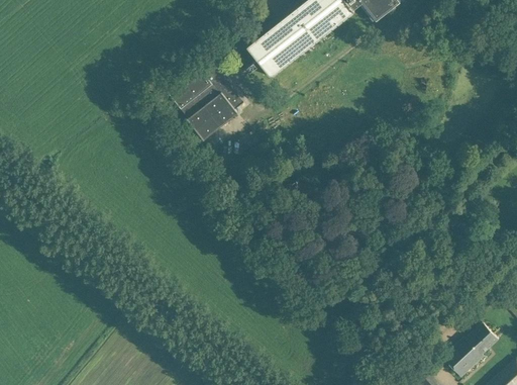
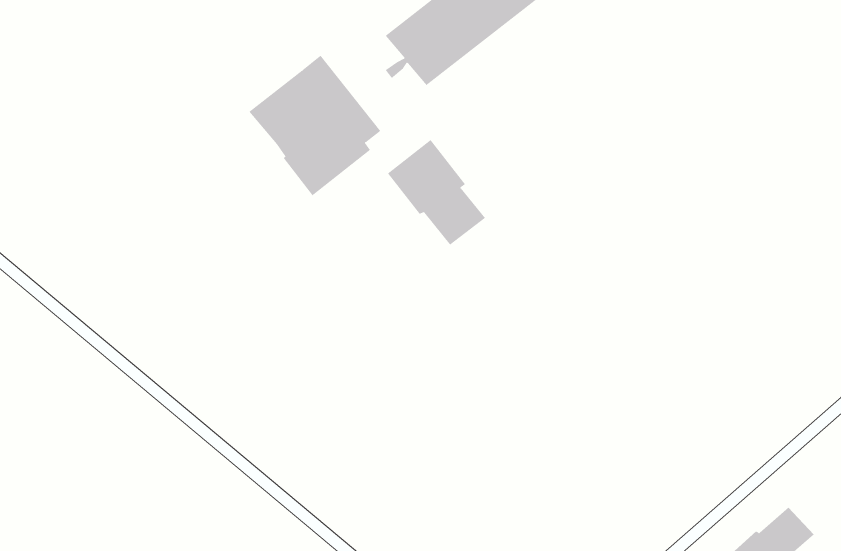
building: none -> [387,139,486,246]

